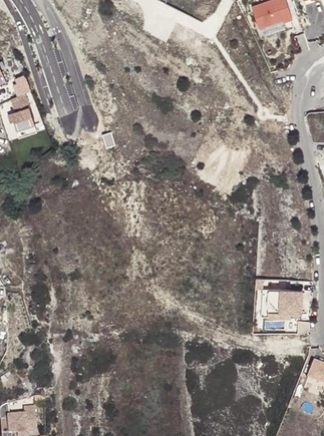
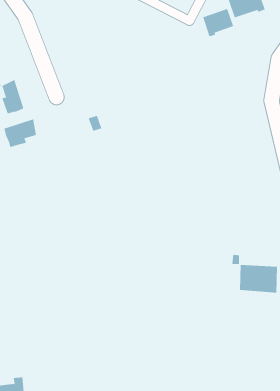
building: none -> [202,8,234,37]
building: none -> [4,119,37,148]

